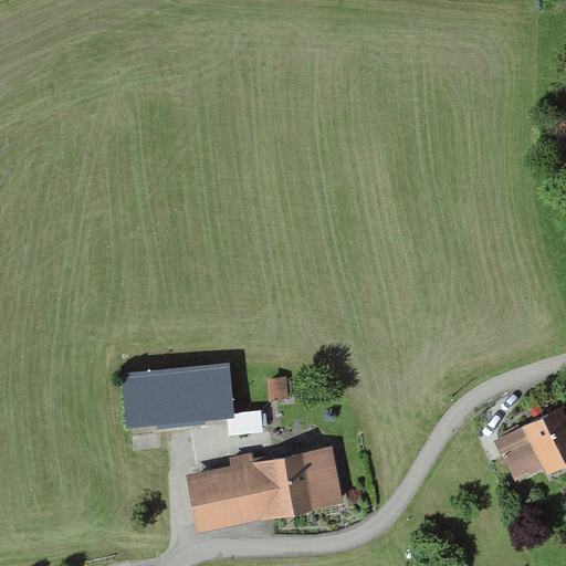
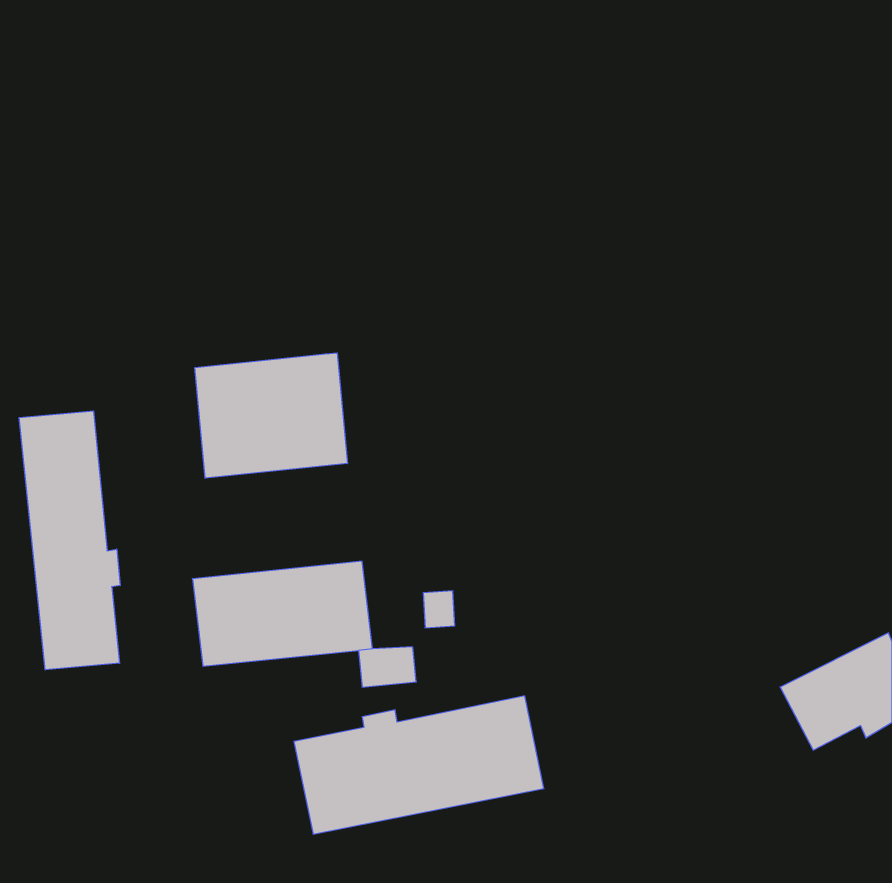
building: none -> [195,353,347,478]
building: none -> [19,411,120,670]

